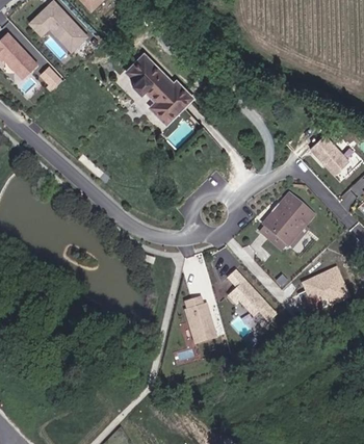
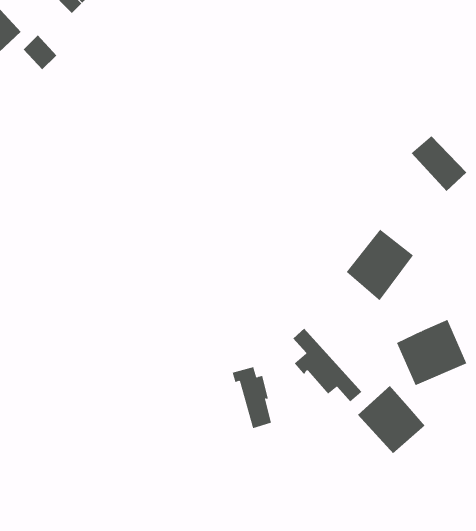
building: [120,45,198,126] -> none
building: none -> [357,385,425,454]

